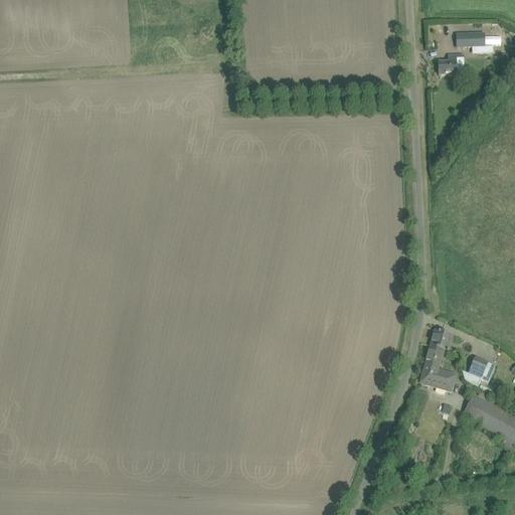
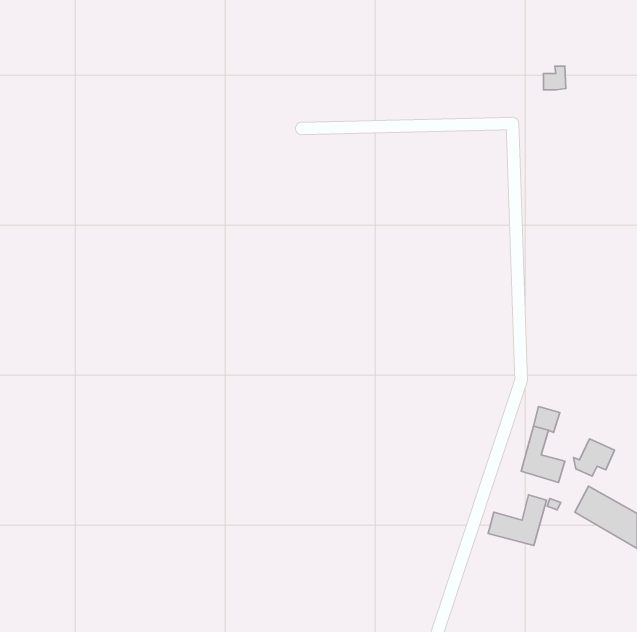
building: [457,31,493,51] -> none
building: none -> [488,495,546,545]

